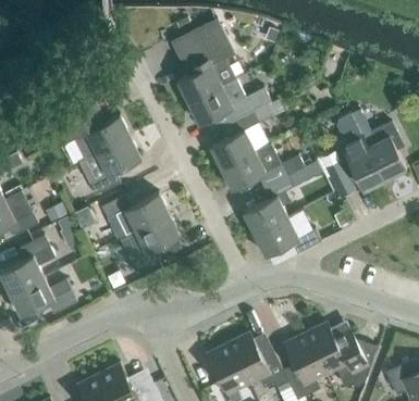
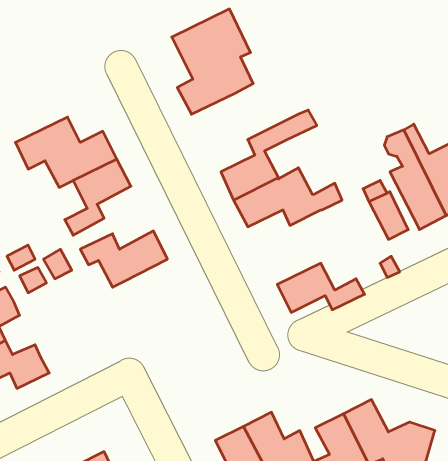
building: [187,78,270,124] -> none
building: [243,176,294,234] -> none
building: [128,214,180,273] -> none

